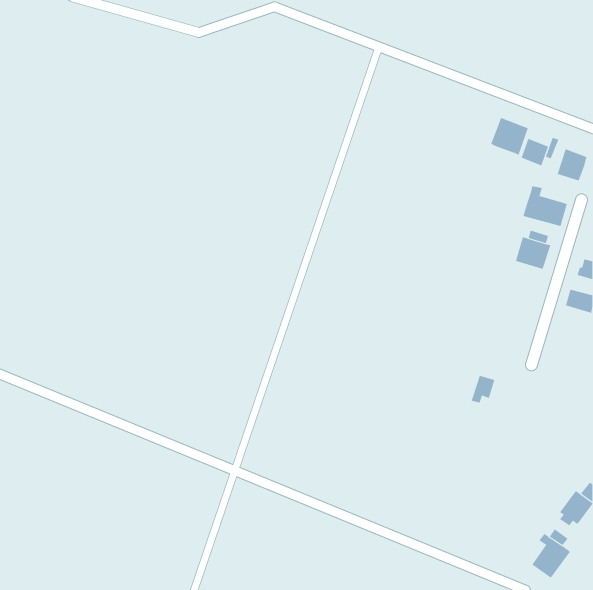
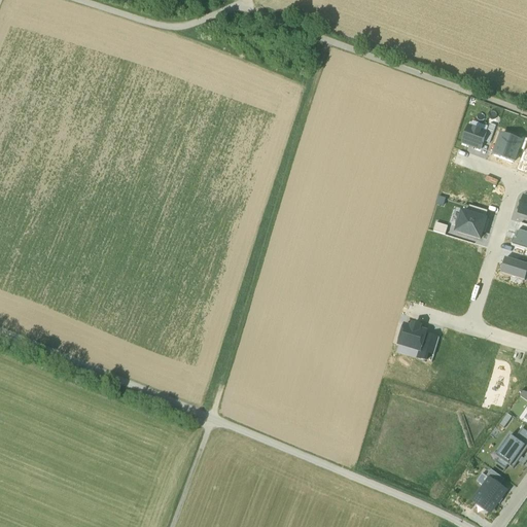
building: [490,117,528,155] -> none
building: [523,185,568,227] -> none
building: none -> [398,322,425,349]

